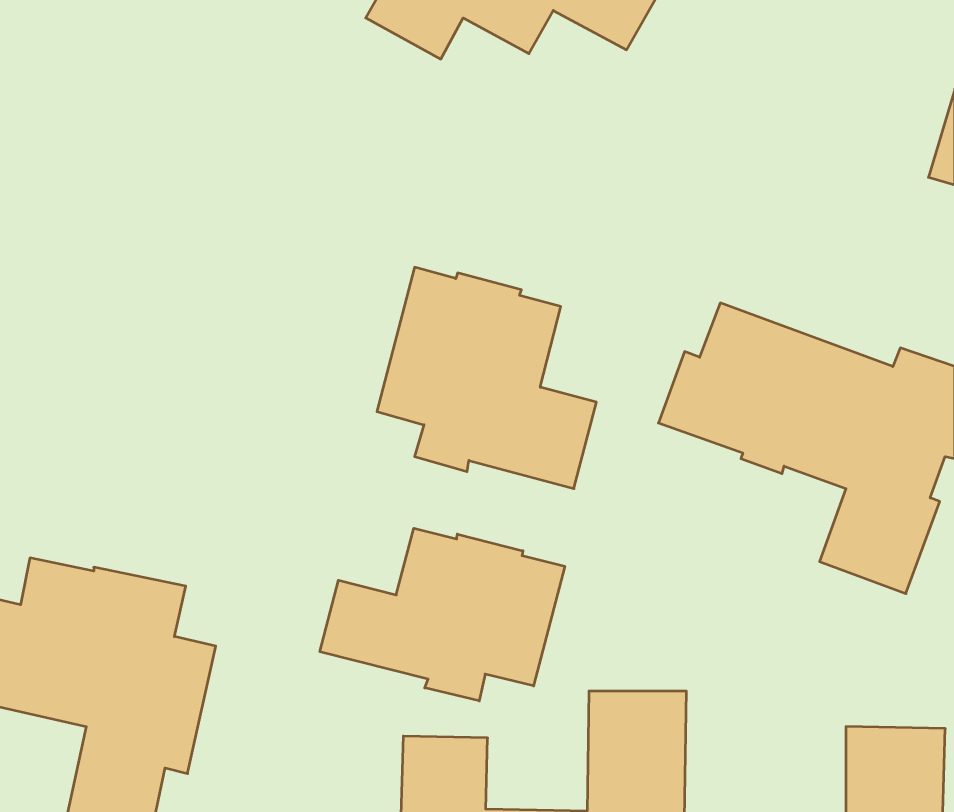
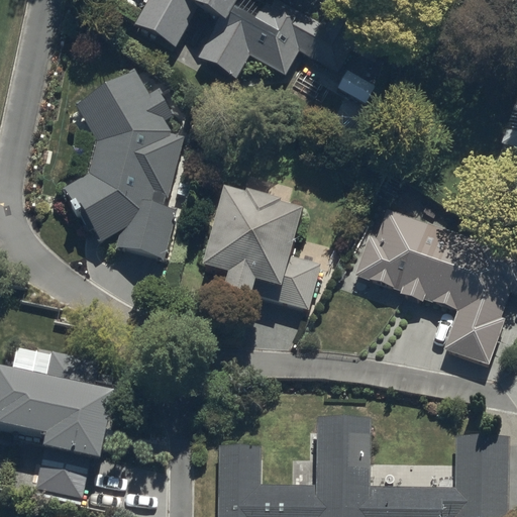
building: none -> [63,68,183,258]
building: [320,528,565,701] -> none

